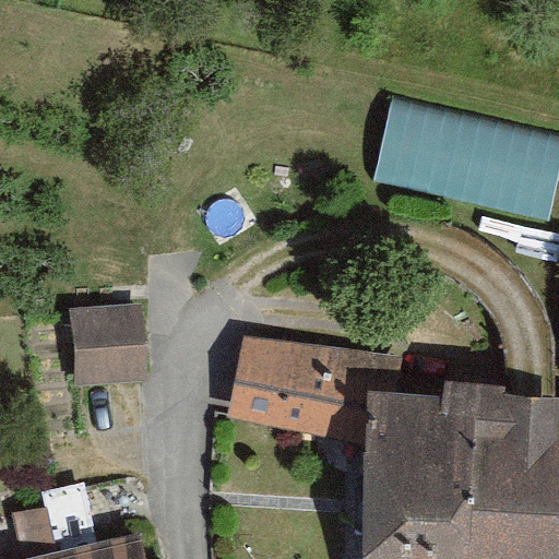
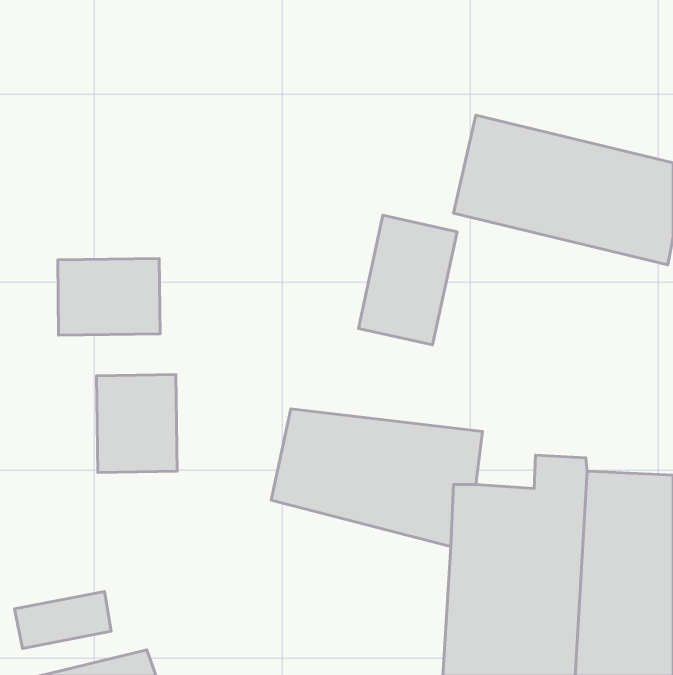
building: none -> [358,215,457,345]
building: none -> [58,258,160,335]

